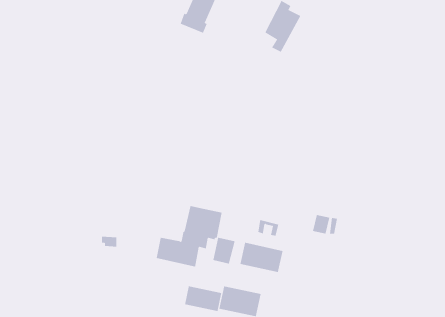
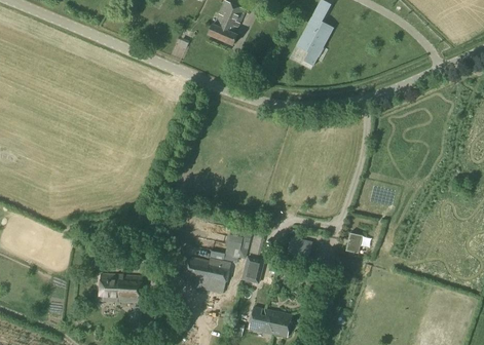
building: [240,242,283,273] -> none
building: none -> [98,273,142,303]
building: [185,286,222,312] -> none

